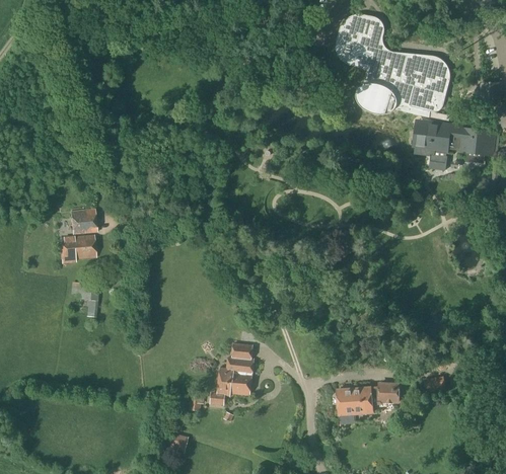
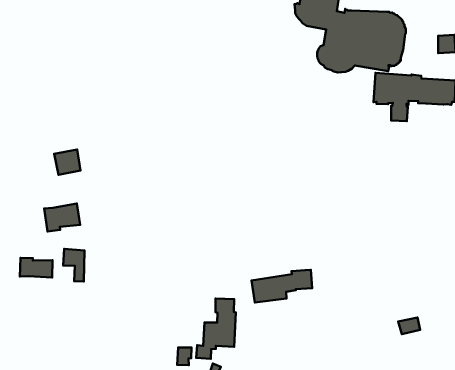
building: [70,208,96,233] -> [54,149,80,175]
building: none -> [20,258,53,277]
building: [337,383,400,413] -> [252,270,312,303]

